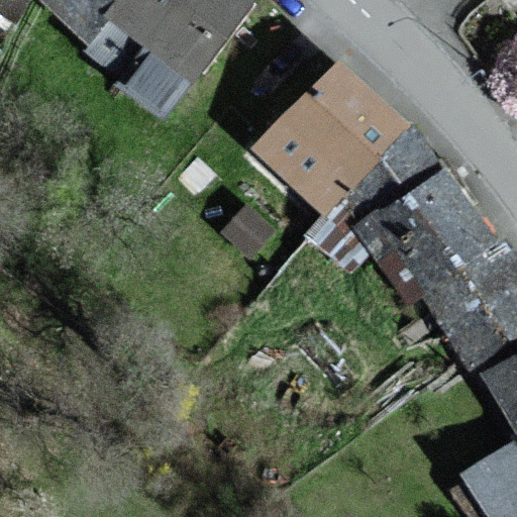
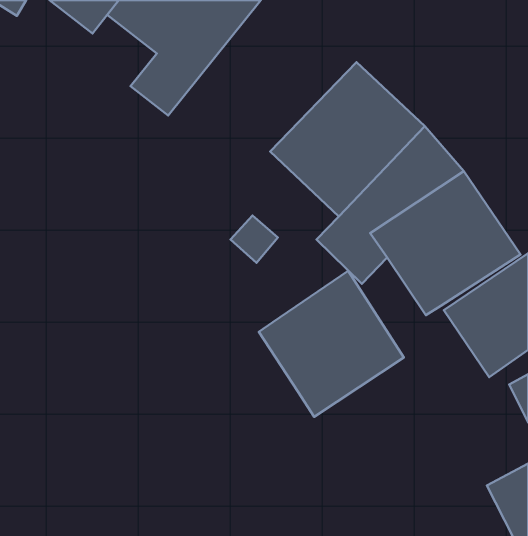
building: none -> [259,271,404,417]

